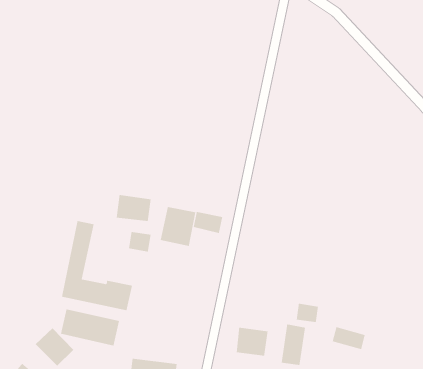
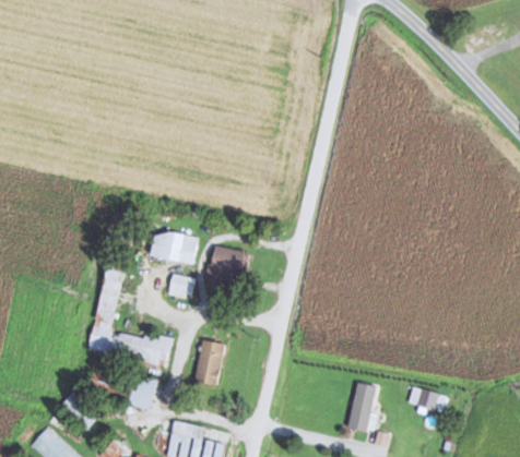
building: [193,211,223,234] -> none
building: none -> [194,339,226,385]
building: [296,303,318,323] -> none
building: [236,327,268,357] -> none

